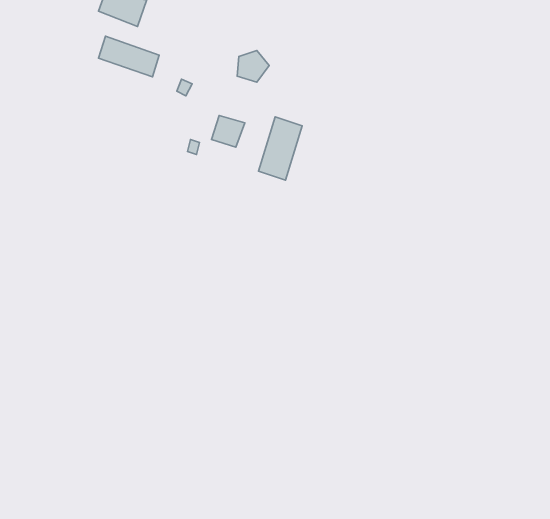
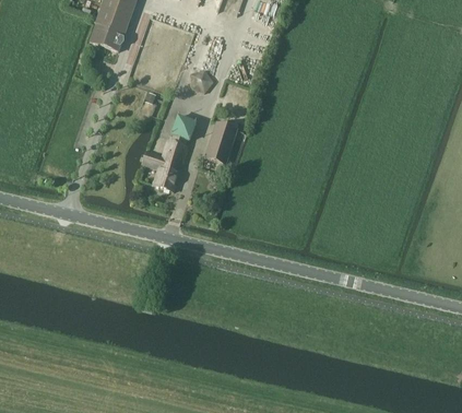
building: [99,36,159,77] -> none
building: none -> [143,139,188,190]

